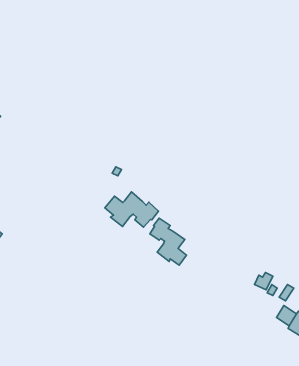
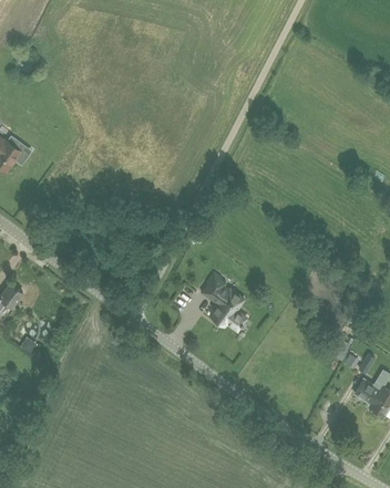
building: [105,192,159,227] -> none

